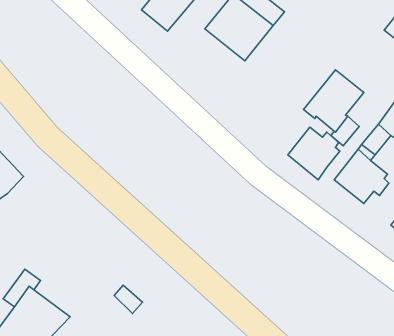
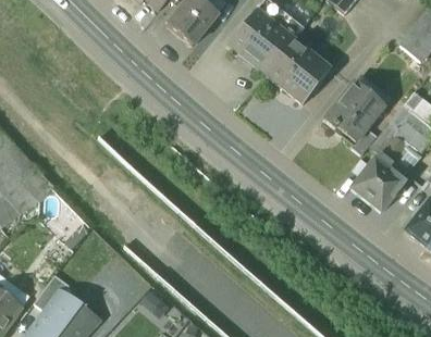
building: none -> [267,39,331,102]
building: [288,127,340,180] -> none

